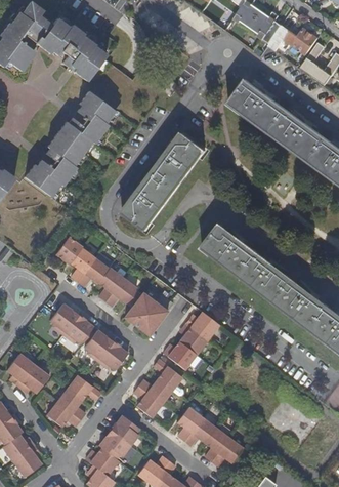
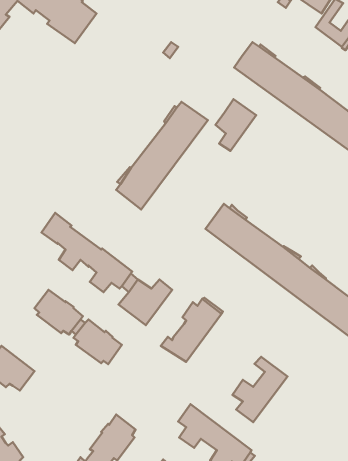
building: [23,92,113,198] -> none
building: none -> [215,99,256,151]
building: [133,358,182,416] -> [233,357,288,422]
building: [46,374,101,425] -> none

